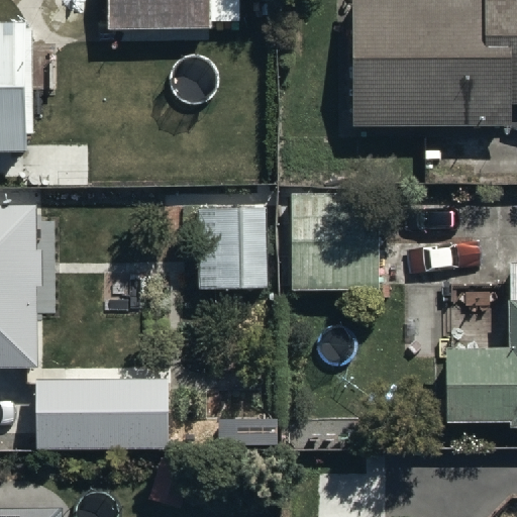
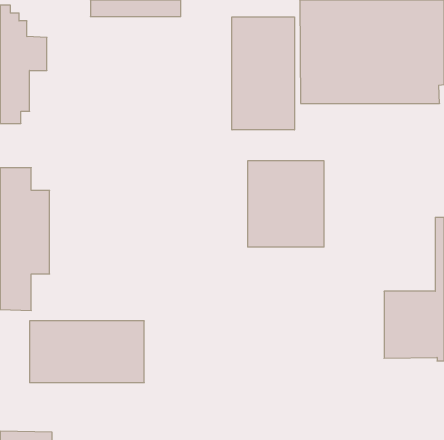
building: none -> [232,17,294,130]
building: [195,208,265,288] -> none

